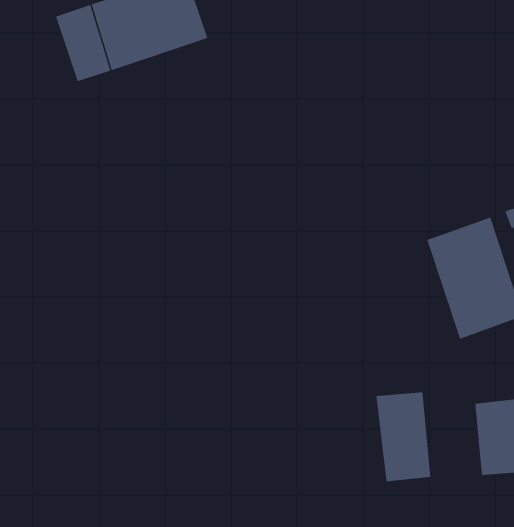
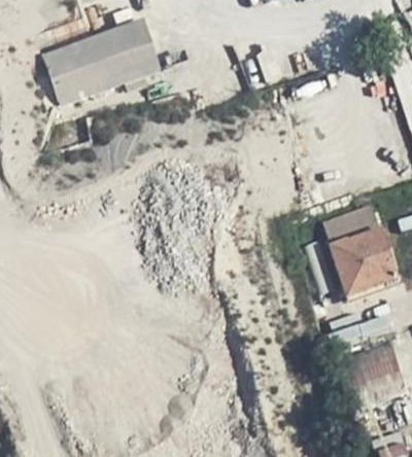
building: [376,392,431,482] -> none

